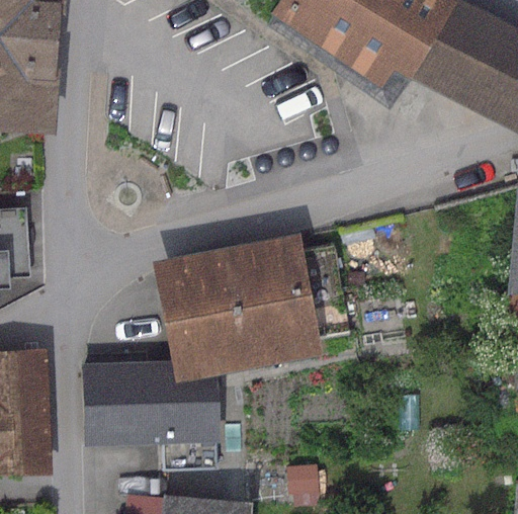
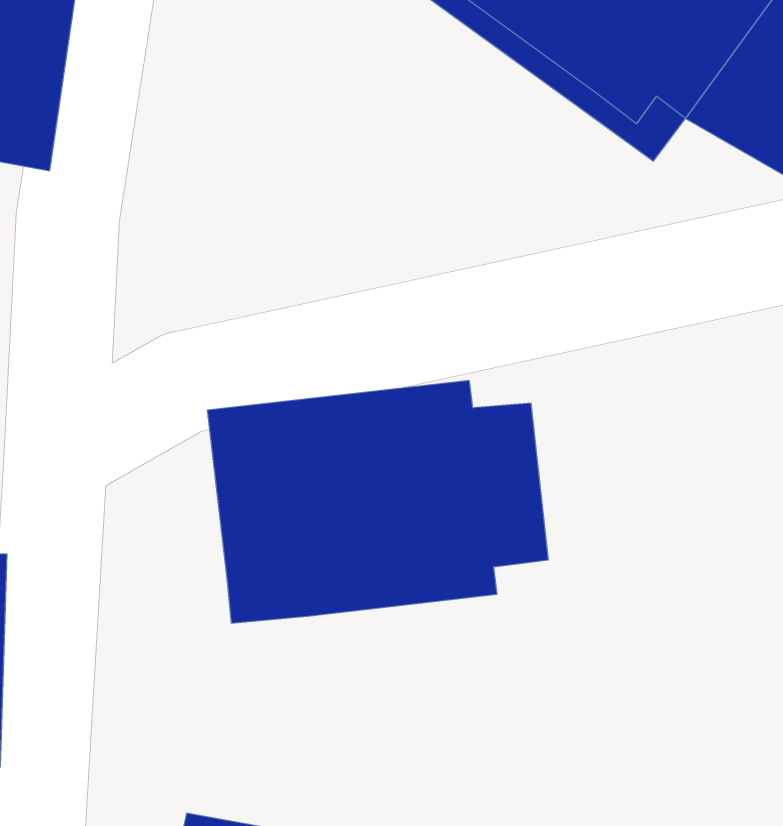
building: [84,357,222,469] -> none

